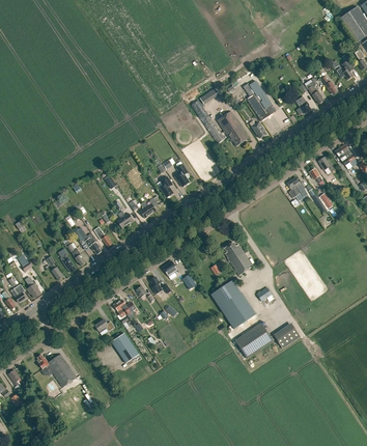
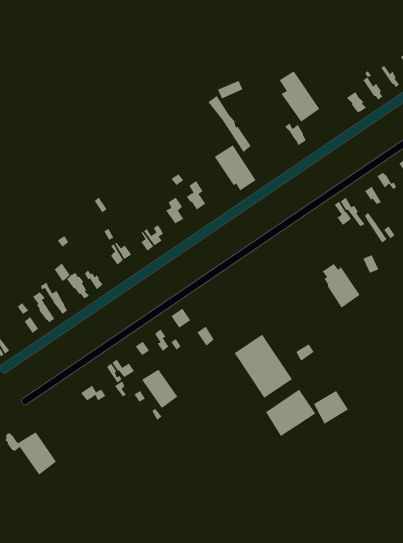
building: [217,111,249,146] -> [214,145,256,191]
building: [224,242,253,276] -> [322,263,360,309]
building: [111,333,139,363] -> [141,369,178,409]

